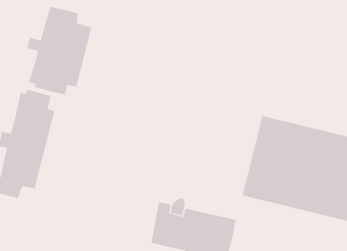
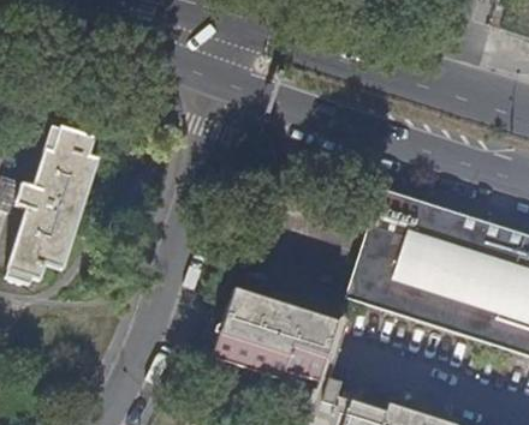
building: [27,6,92,96] -> none

